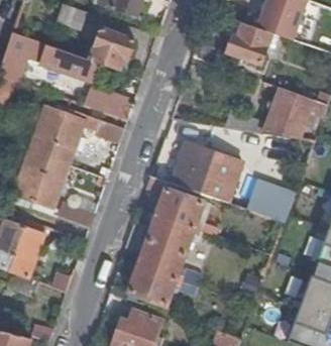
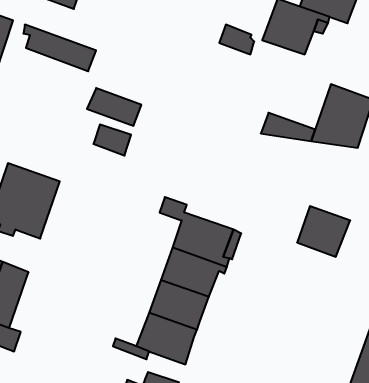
building: [83,28,135,71] -> none
building: [28,105,85,164] -> none
building: [172,143,242,203] -> none

